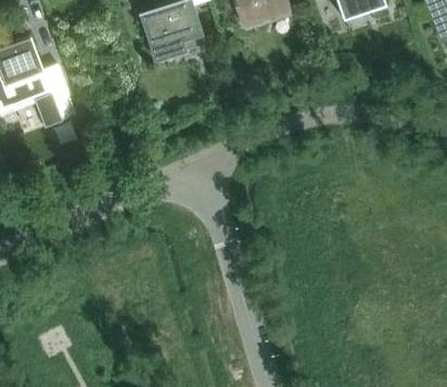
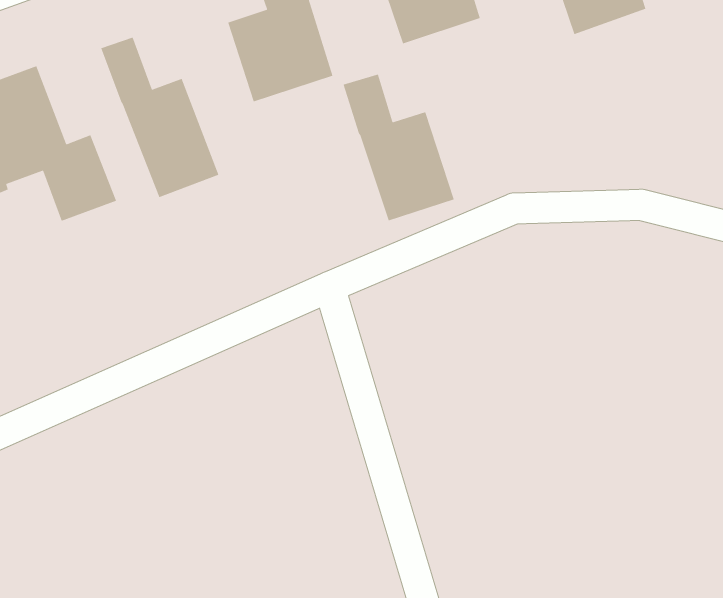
building: none -> [100,36,219,198]
building: none -> [342,74,455,221]

